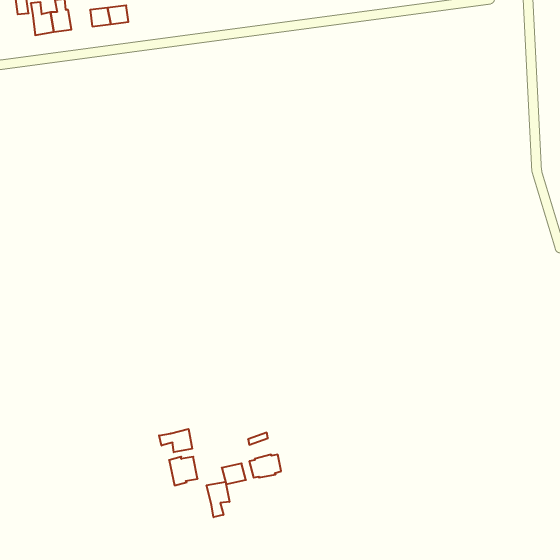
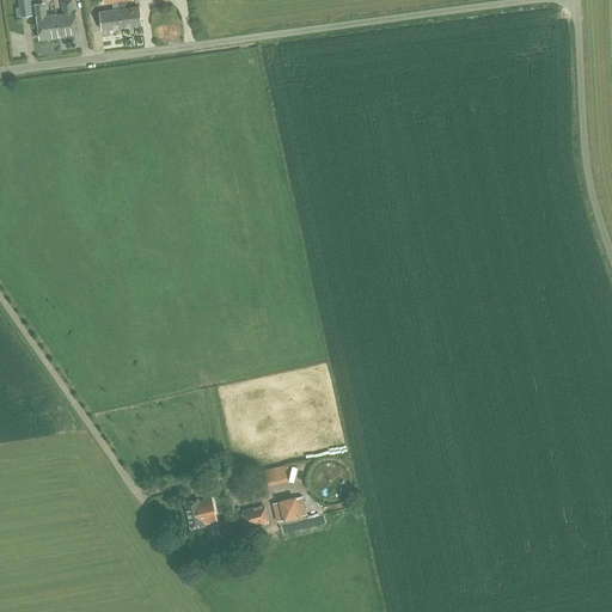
building: [159,429,192,452] -> none
building: [207,482,229,517] -> none

